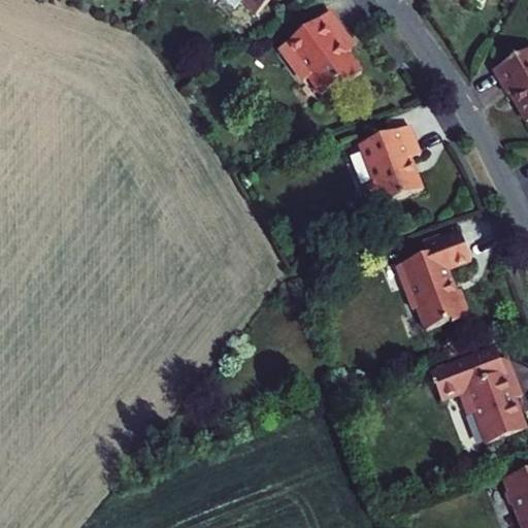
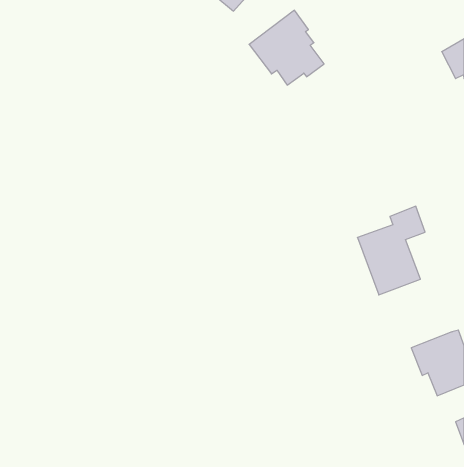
building: [356,123,426,203] -> none
building: [428,341,503,395] -> none

